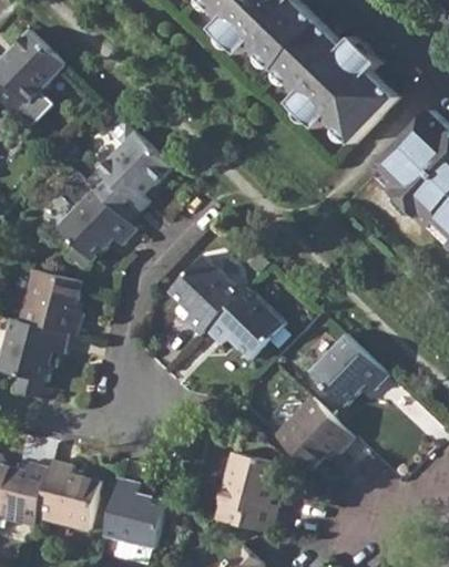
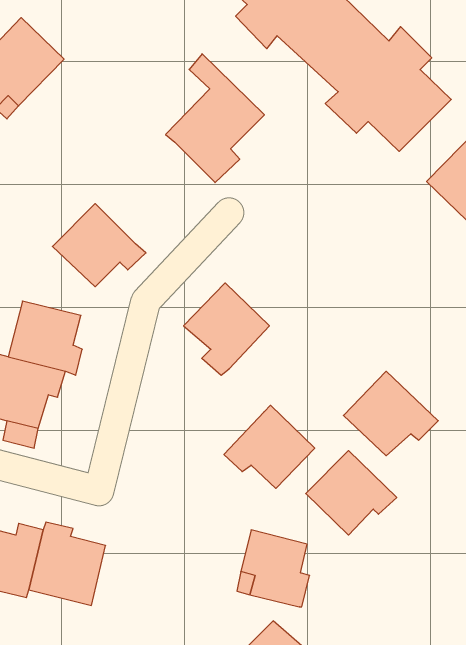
building: [85,114,170,224] -> [166,54,264,183]
building: [207,288,285,359] -> [224,405,315,488]
building: [104,477,167,560] -> none

